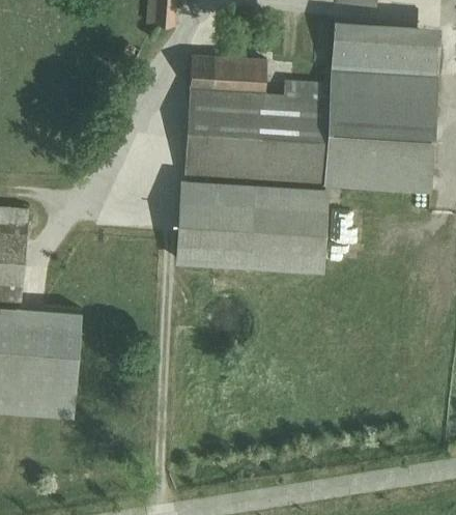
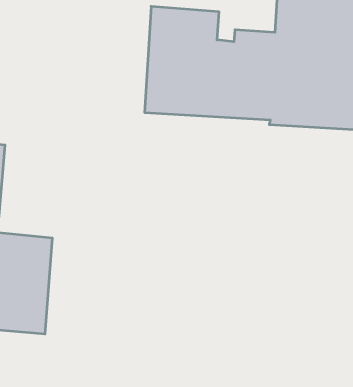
building: [175,180,327,274] -> none

